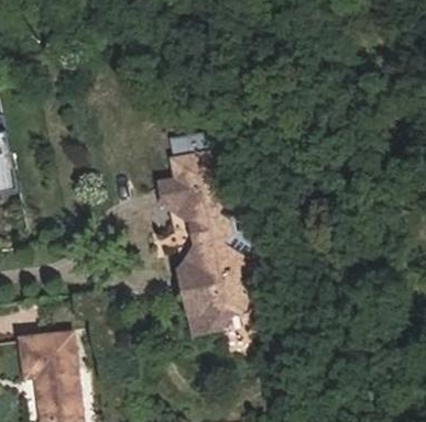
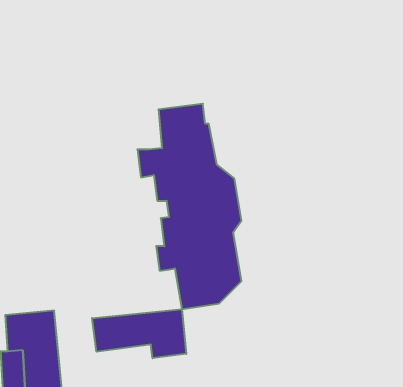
building: none -> [92,309,186,358]

